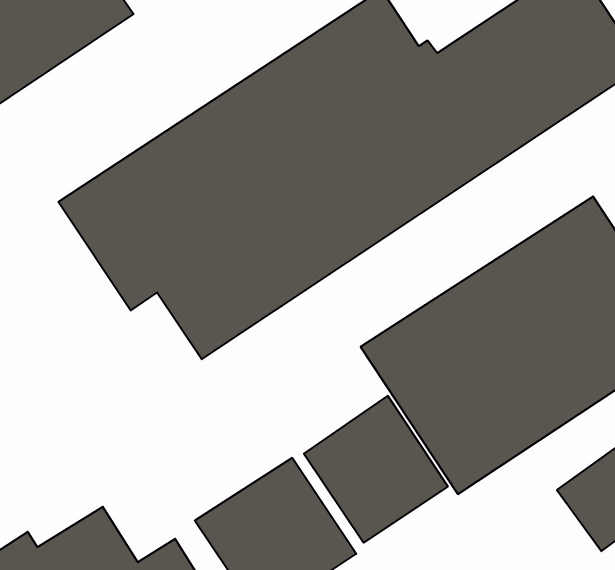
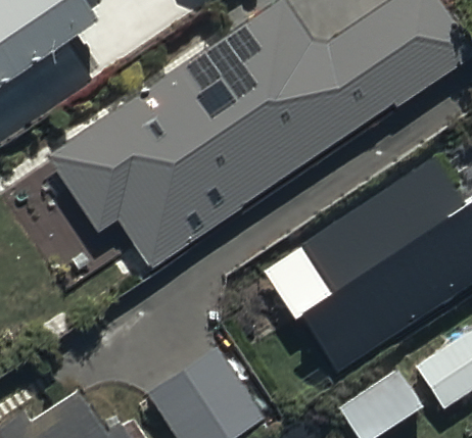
building: [304,396,448,543] -> none

